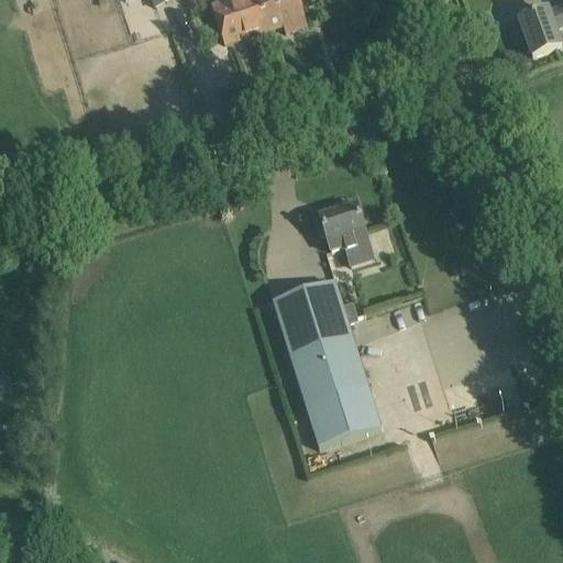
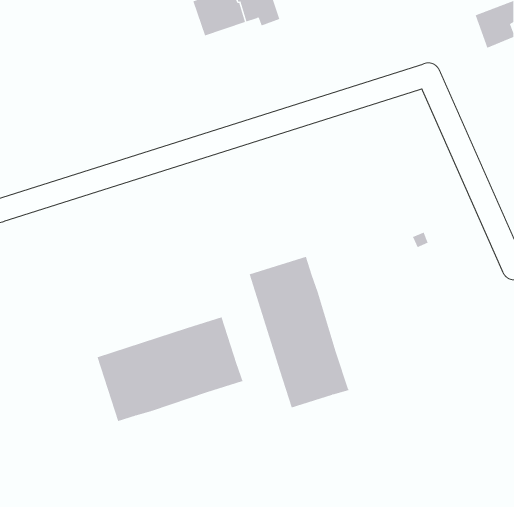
building: [311,200,373,262] -> none
building: none -> [97,316,243,422]

